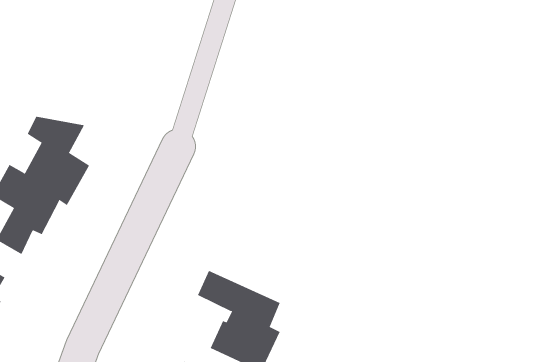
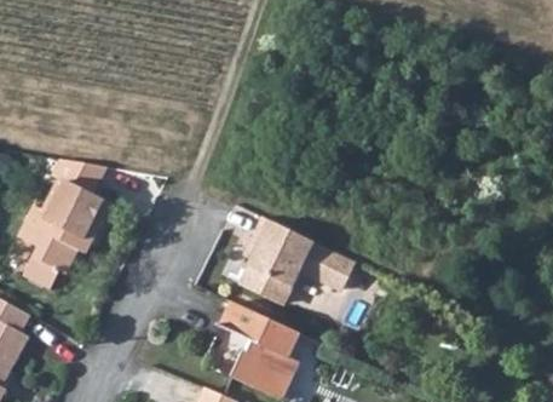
building: none -> [236,216,355,303]

